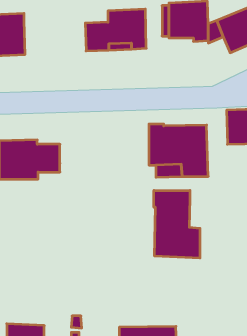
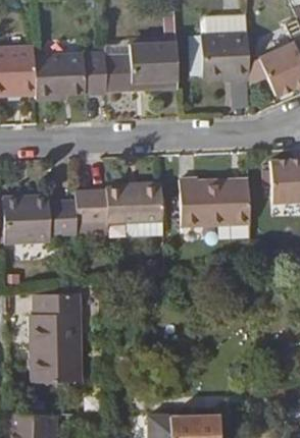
building: none -> [35,52,107,100]
building: none -> [77,184,164,222]
building: [154,190,200,258] -> none
building: none -> [31,291,79,380]

